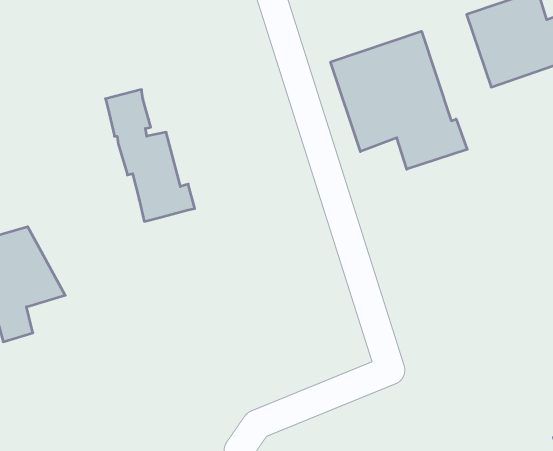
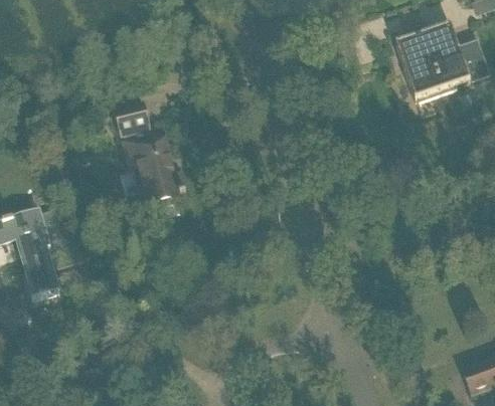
building: [331,31,467,169] -> none

